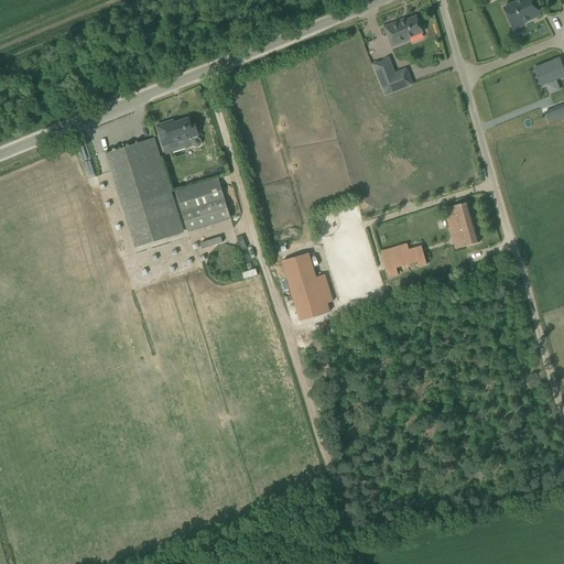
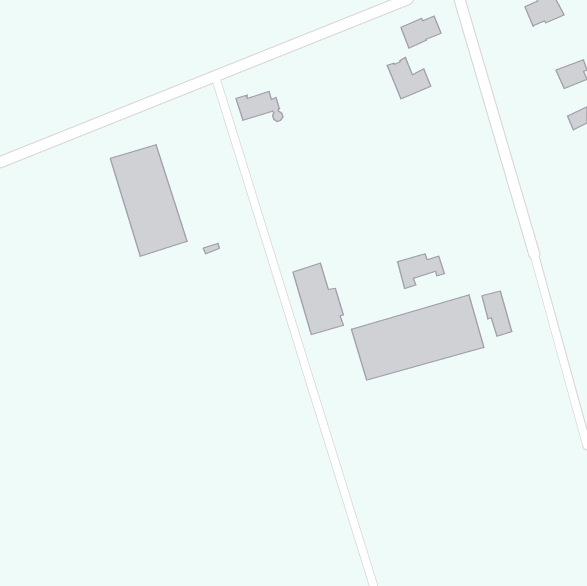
building: [156,118,202,147] -> [236,92,283,121]
building: [175,177,230,231] -> none
building: [451,202,479,245] -> [482,291,512,336]
building: none -> [352,295,484,380]

